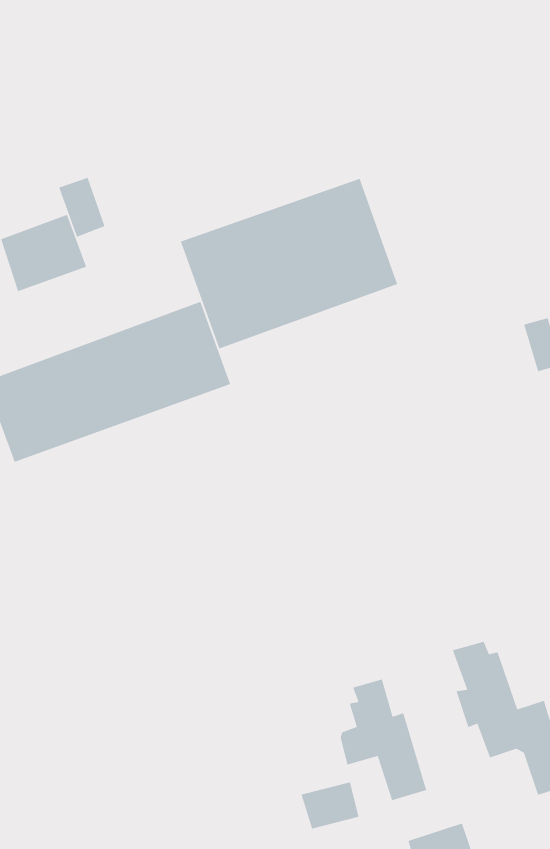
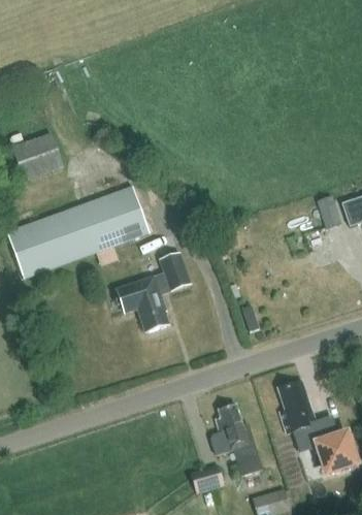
building: [58,177,105,238] -> none
building: [180,178,398,349] -> none
building: none -> [117,252,190,331]

